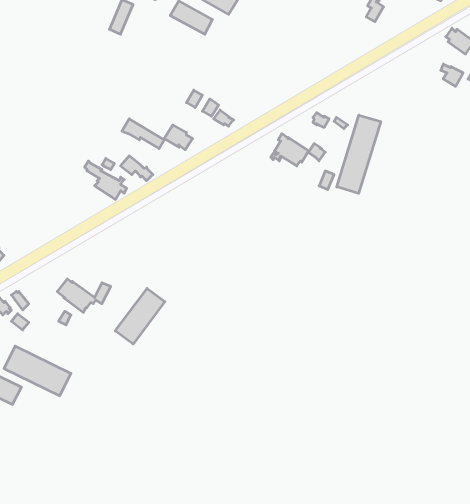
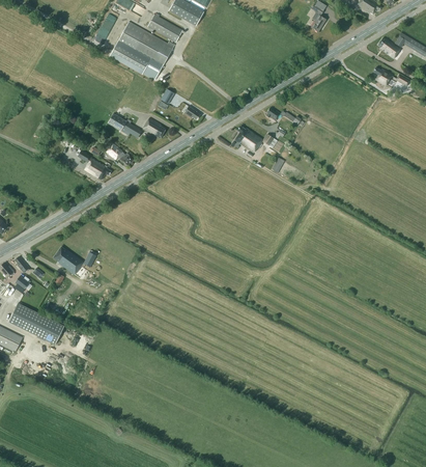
building: none -> [110,22,173,80]
building: [337,115,381,193] -> none
building: [115,288,165,344] -> none

